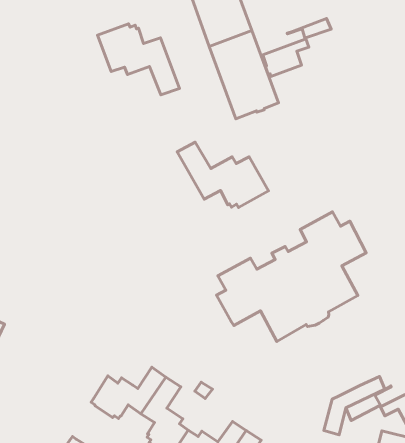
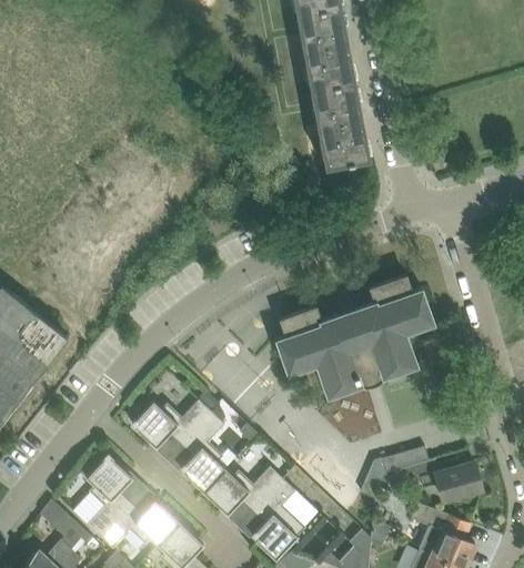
building: [263,19,331,76] -> none
building: [98,24,180,95] -> none
building: [177,142,268,207] -> none

